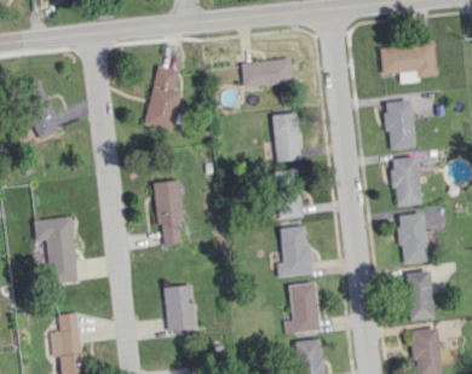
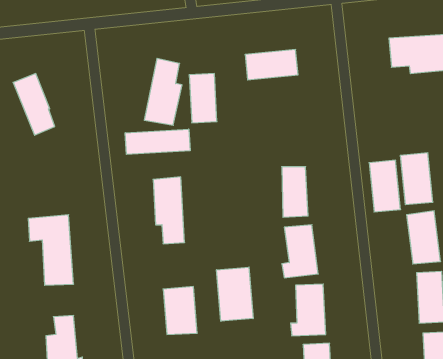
building: [385,100,415,150] -> [369,160,401,212]
building: [274,114,300,161] -> [189,74,217,123]
building: none -> [125,129,190,154]
building: none -> [217,267,253,321]

